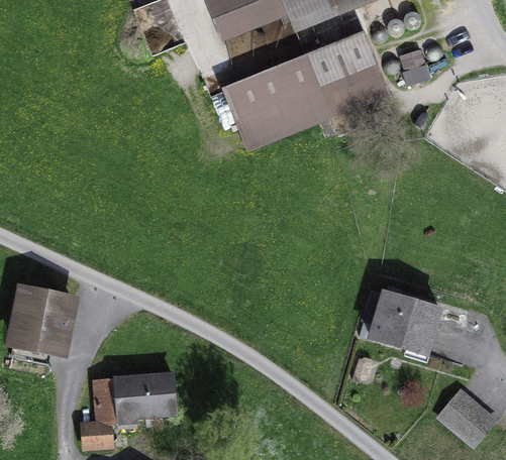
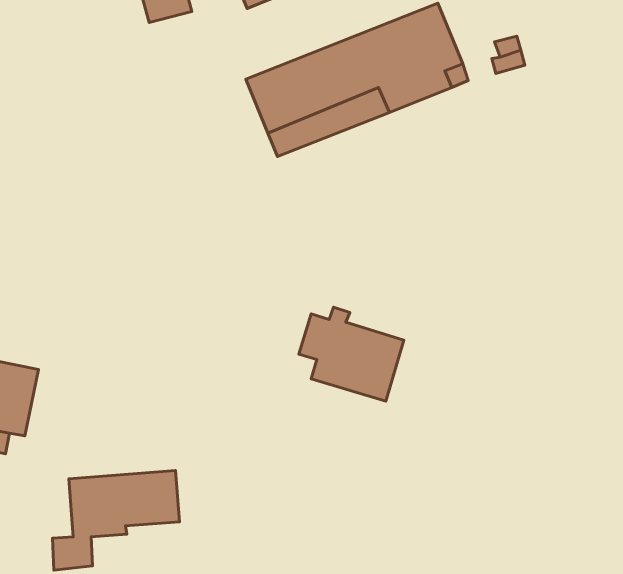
building: [362,284,438,353] -> [299,307,404,401]
building: [438,390,494,445] -> none

